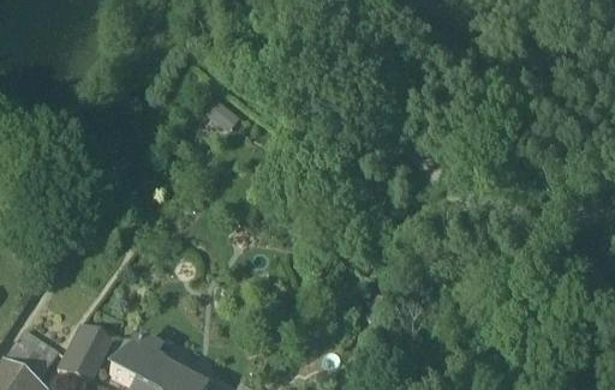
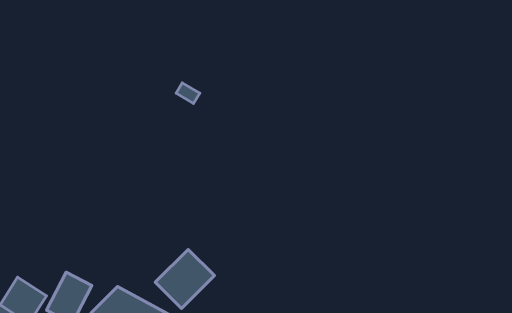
building: none -> [155,249,214,308]

